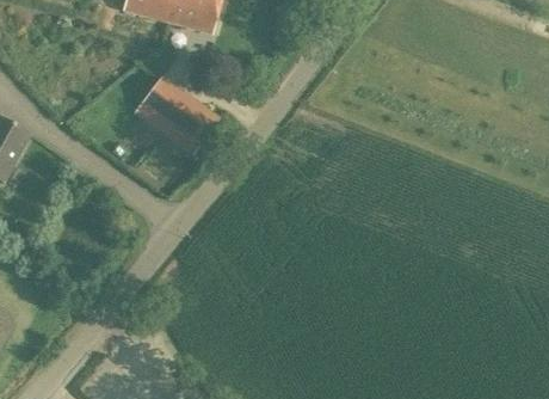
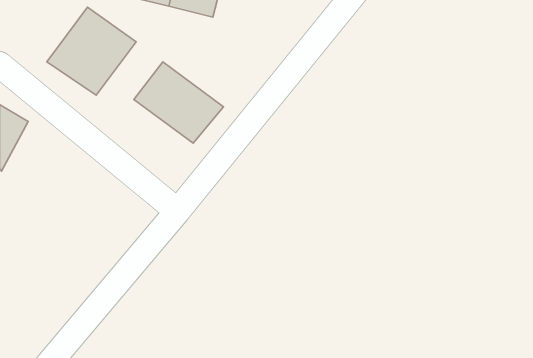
building: none -> [47,7,136,95]

